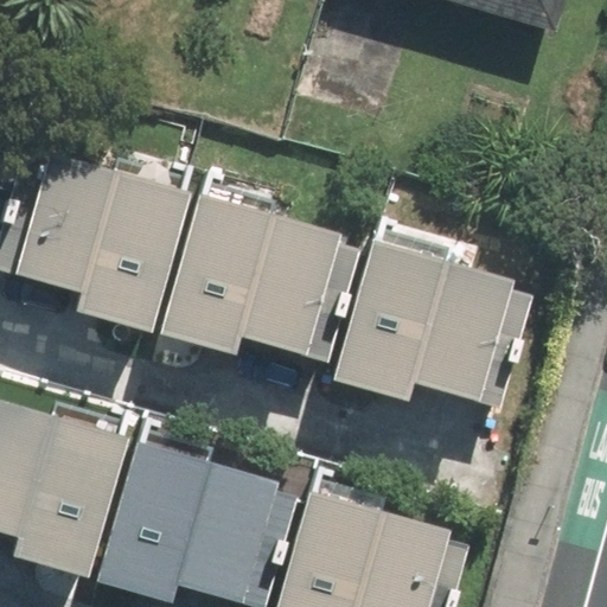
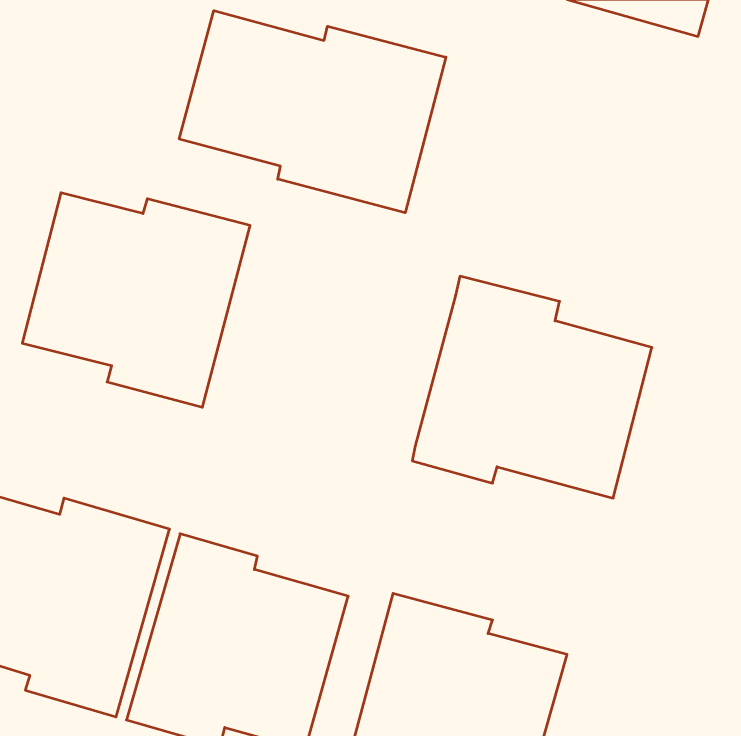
building: none -> [179,11,446,213]
building: [161,186,354,359] -> none

